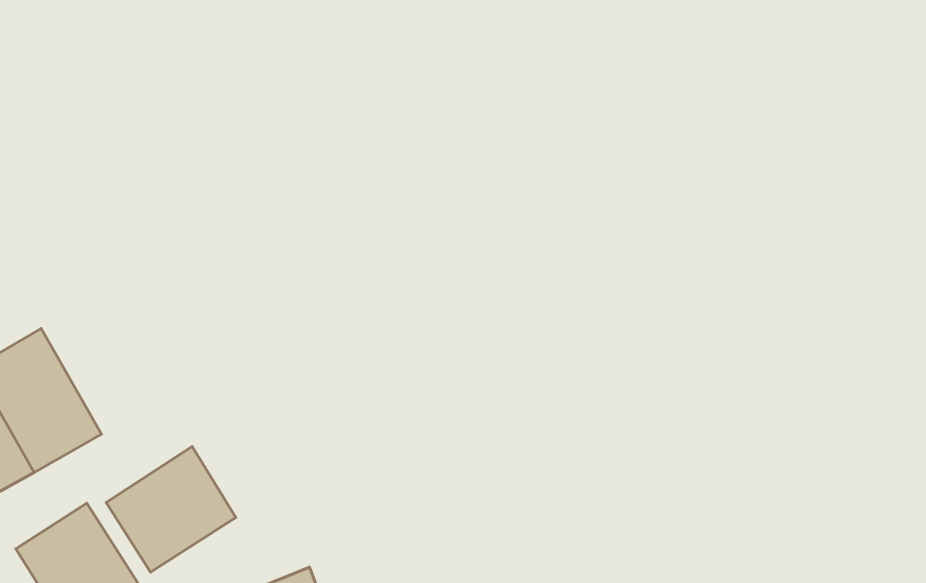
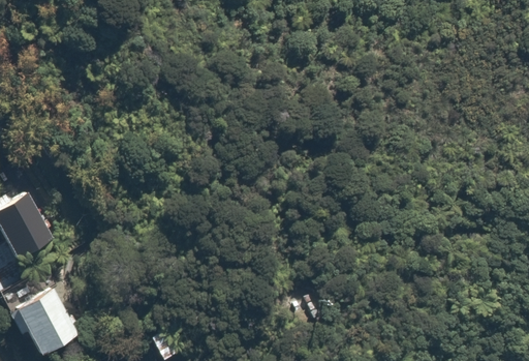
building: [106,446,236,572] -> none

